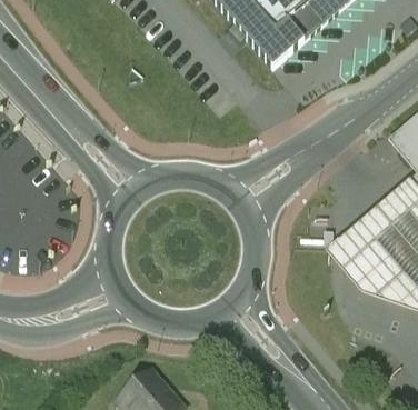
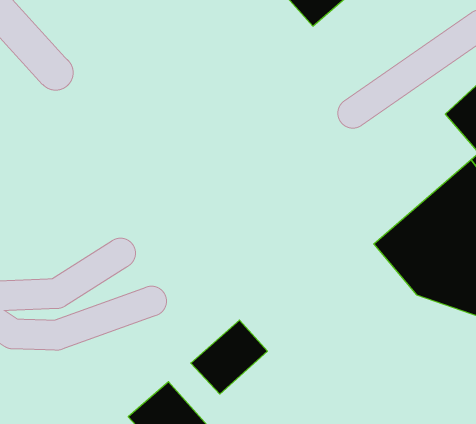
building: none -> [191,320,267,394]

